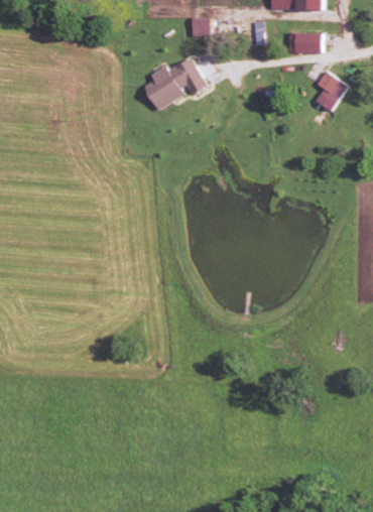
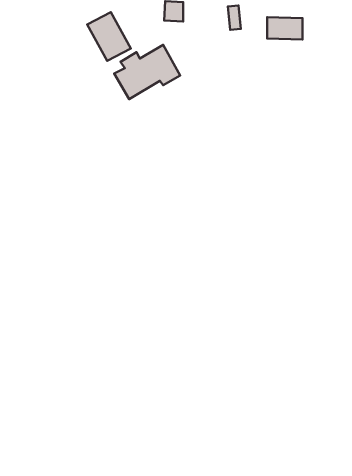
building: none -> [87,12,131,61]
building: [314,72,347,111] -> none

